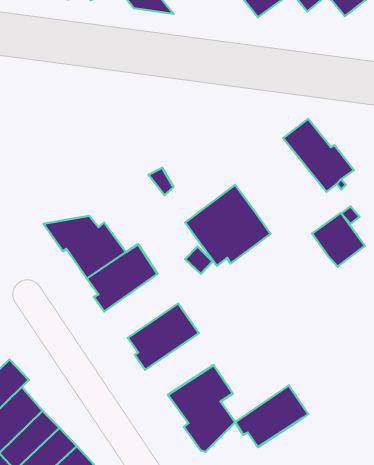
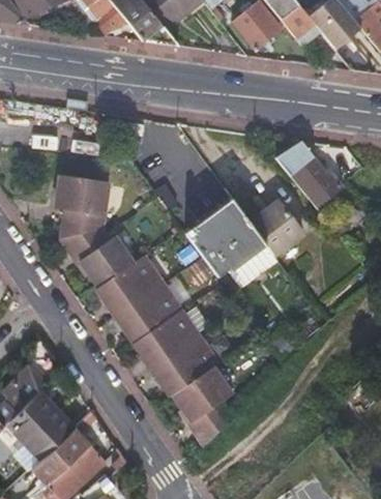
building: none -> [55,174,111,237]
building: [312,213,365,266] -> [253,207,300,256]
building: none -> [116,283,183,341]
building: [235,386,308,447] -> [153,336,219,392]

